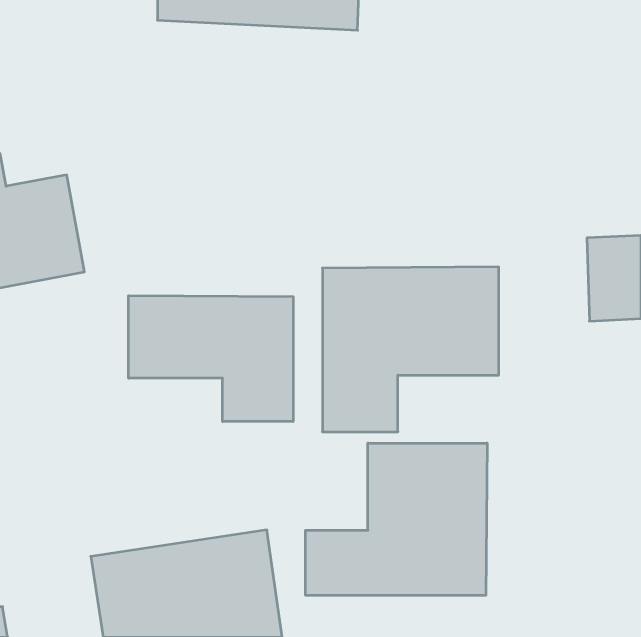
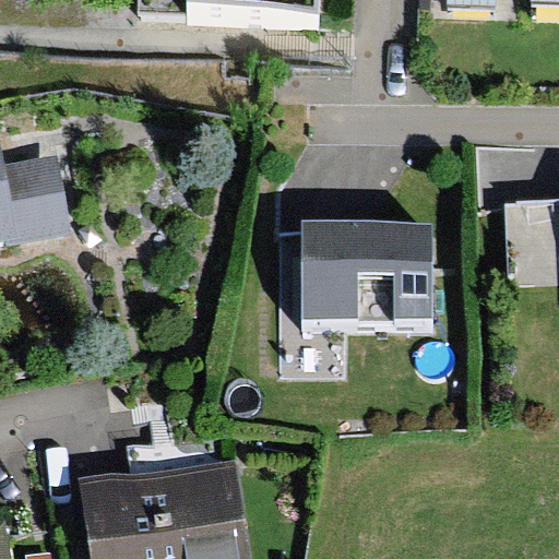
building: [129,296,293,422] -> none
building: [306,443,487,595] -> none

